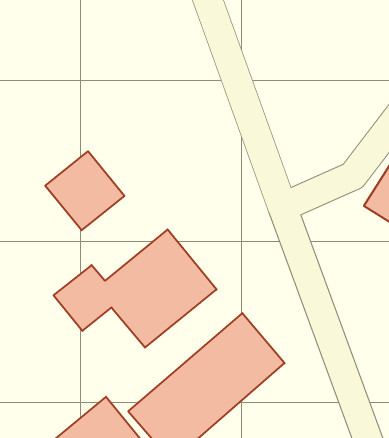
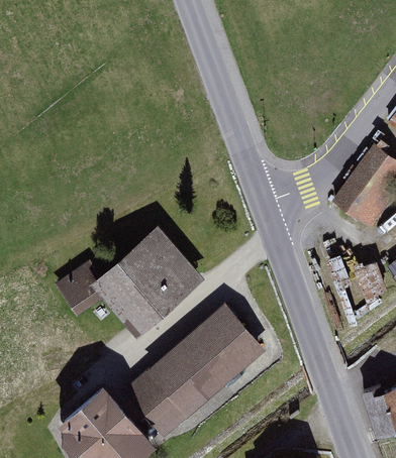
building: [45,151,124,230] -> none

